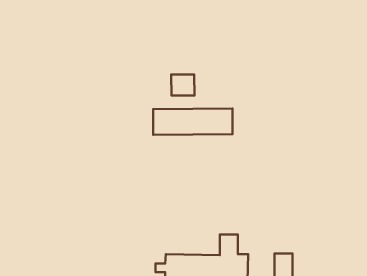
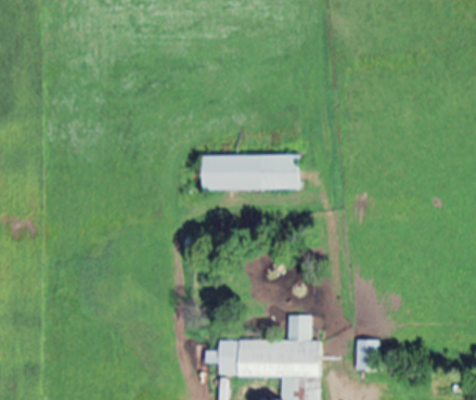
building: [171,74,194,96] -> none

